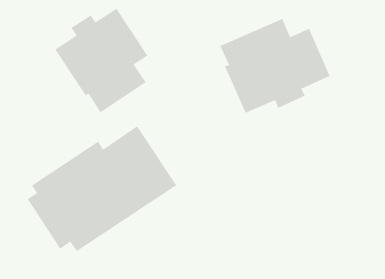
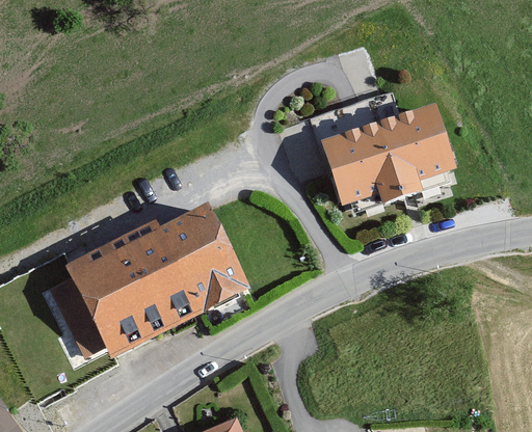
building: [55,8,148,113] -> none

